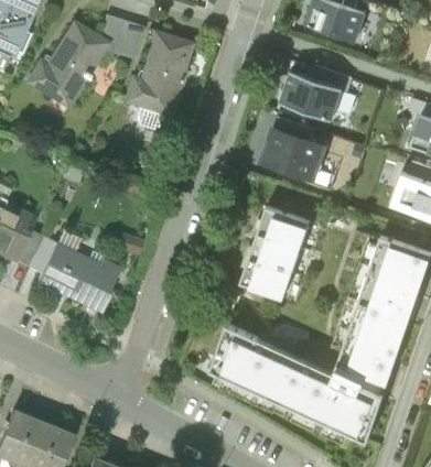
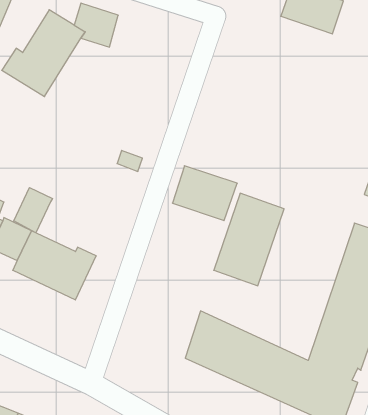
building: [126,31,195,117] -> none
building: [280,69,344,120] -> none
building: [262,123,327,178] -> [172,166,237,221]
building: none -> [14,188,53,233]

